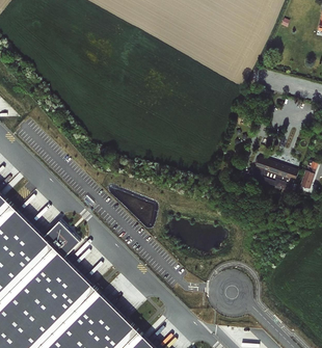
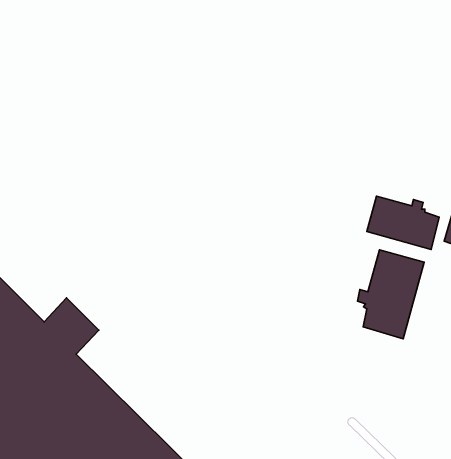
building: none -> [357,250,424,339]

